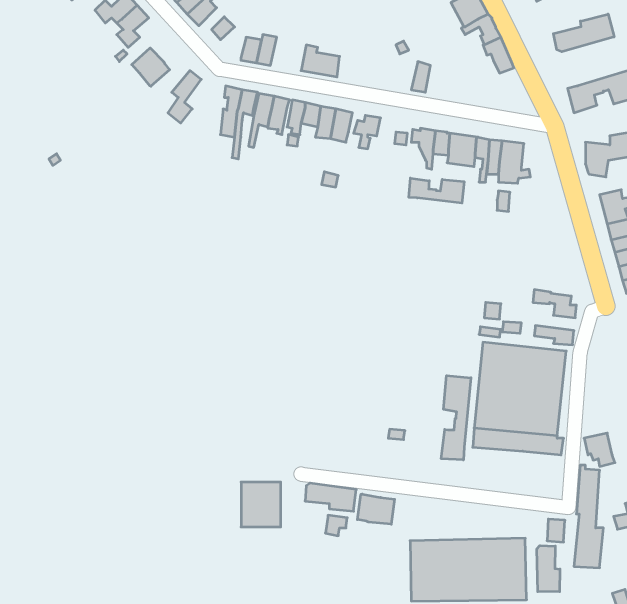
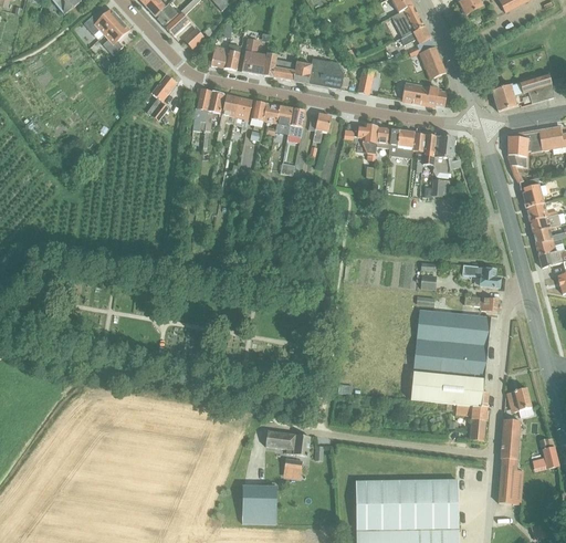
building: [553,14,614,52] -> none
building: none -> [241,36,266,74]
building: [132,48,170,86] -> none
building: none -> [293,56,344,88]
building: none -> [401,82,447,106]
building: [409,178,464,203] -> none
building: [441,376,471,460] -> none
building: none -> [455,403,486,440]
building: [241,482,281,527] -> [242,485,276,524]
building: [357,494,395,524] -> none
building: [537,546,560,592] -> none

